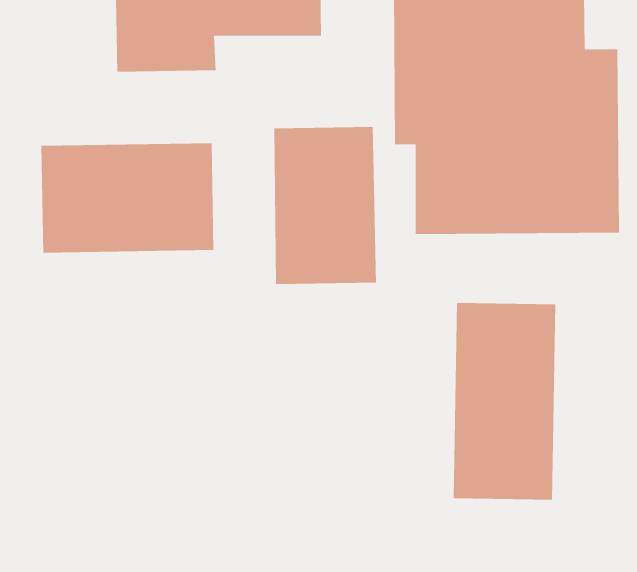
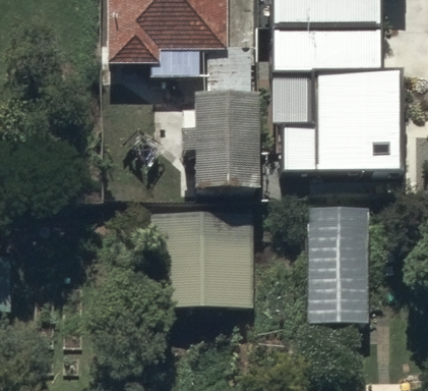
building: [41,142,214,253] -> none
building: none -> [149,214,253,309]

